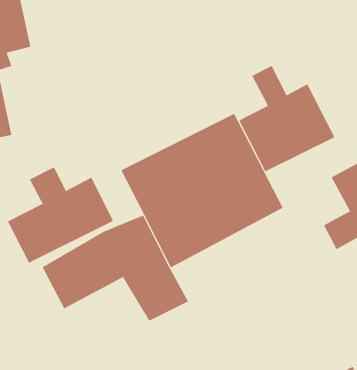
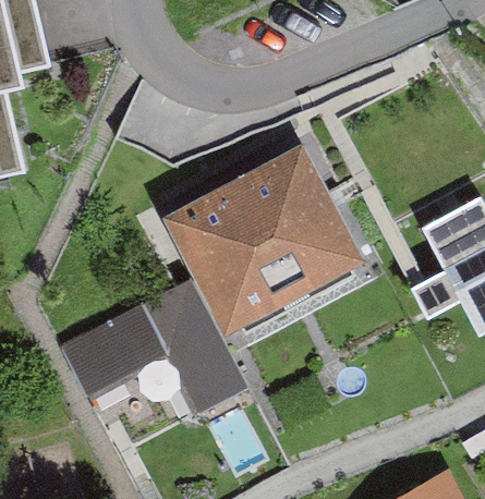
building: [239,65,335,172] -> none
building: [7,166,114,264] -> none

